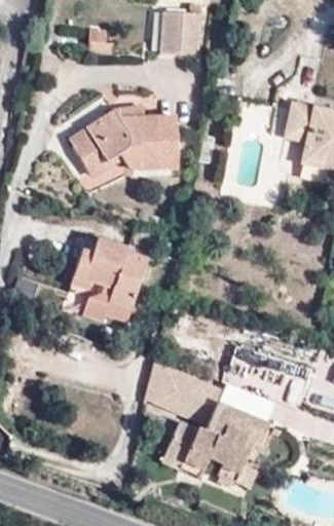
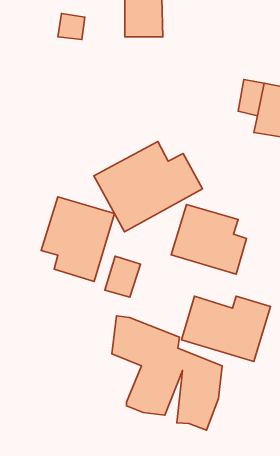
building: [64,98,184,197] -> [94,142,203,232]
building: none -> [171,205,247,274]
building: none -> [105,256,141,297]

